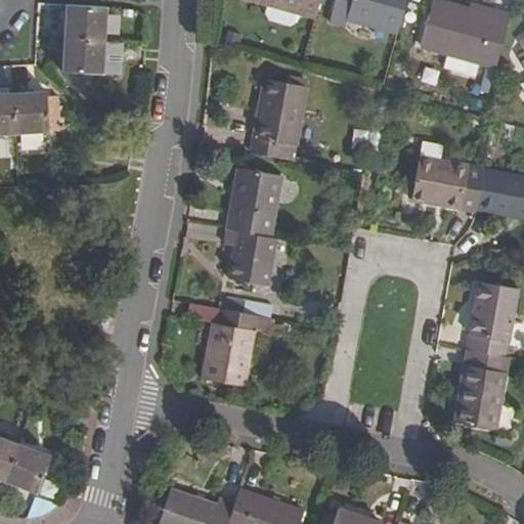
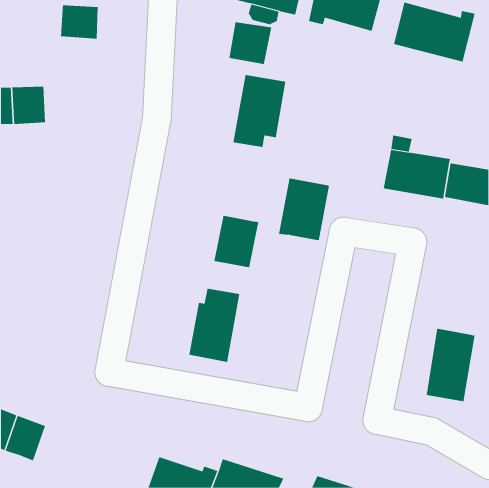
building: none -> [229,21,272,65]
building: [62,39,104,74] -> none
building: [227,169,282,236] -> [278,178,330,241]
building: [467,281,518,358] -> none

